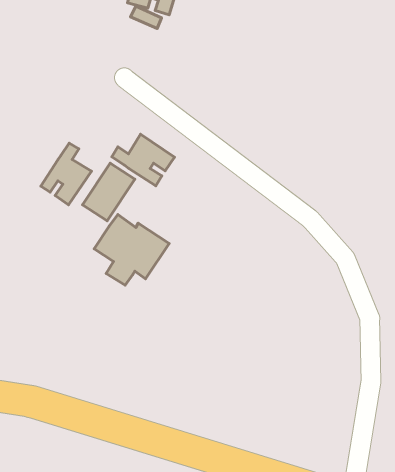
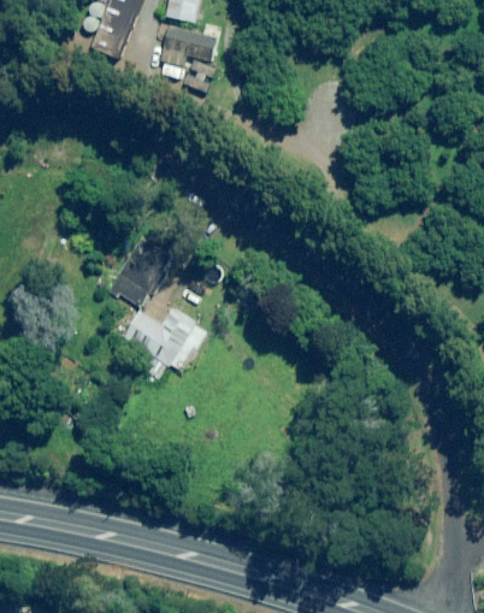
building: [112,134,175,186] -> none
building: [41,143,91,205] -> none

